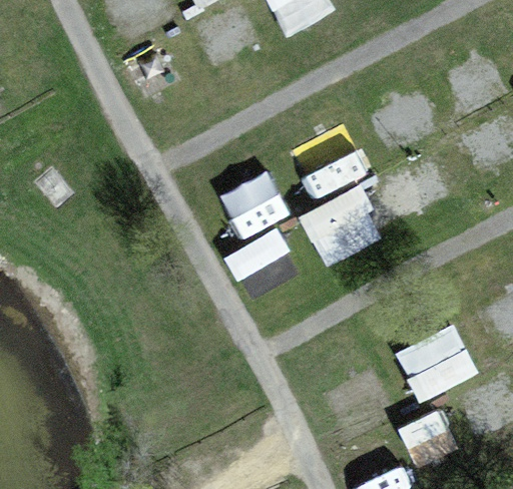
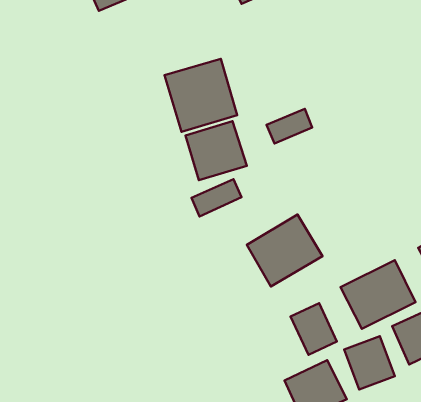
building: none -> [164,59,237,132]
building: [300,185,385,267] -> [247,214,323,287]

